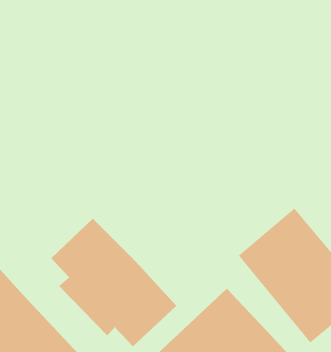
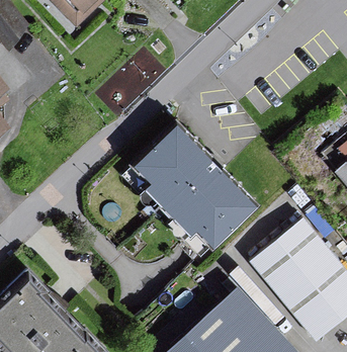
building: [50,218,177,347] -> [139,125,254,243]

